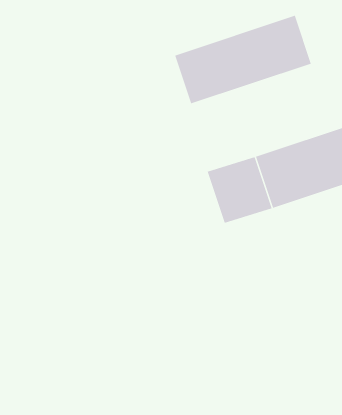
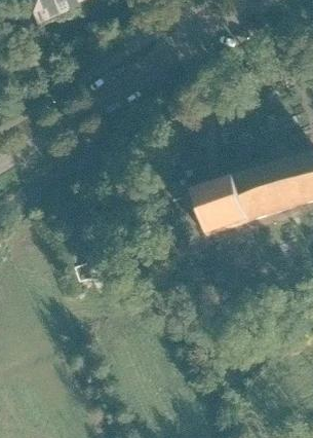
building: [174,15,311,104] -> none

